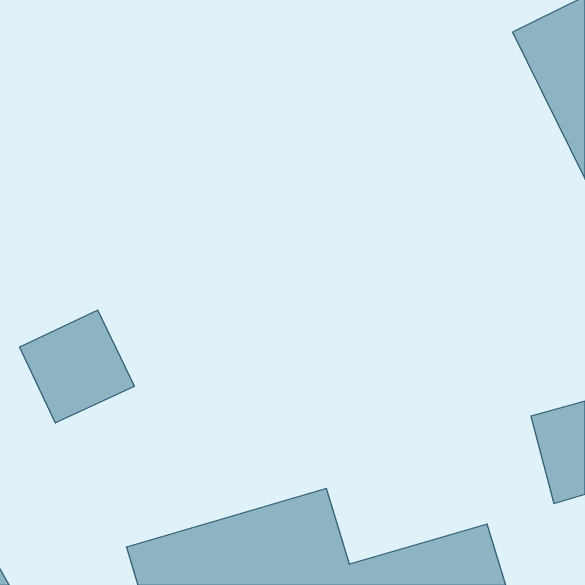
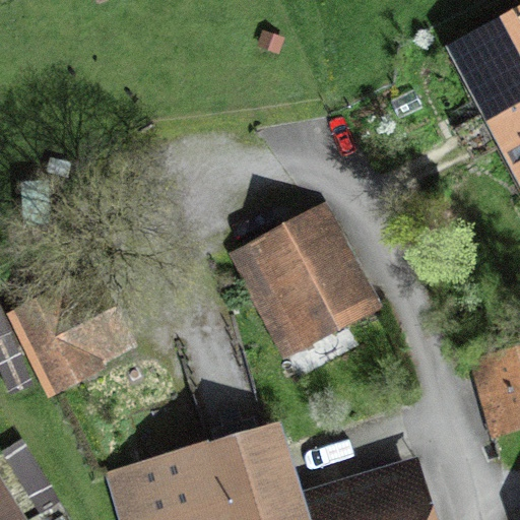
building: none -> [228,210,390,384]

